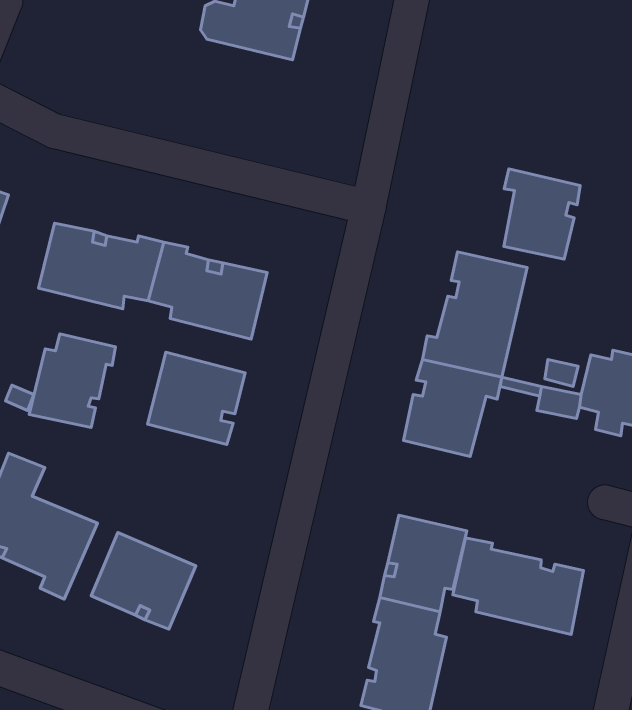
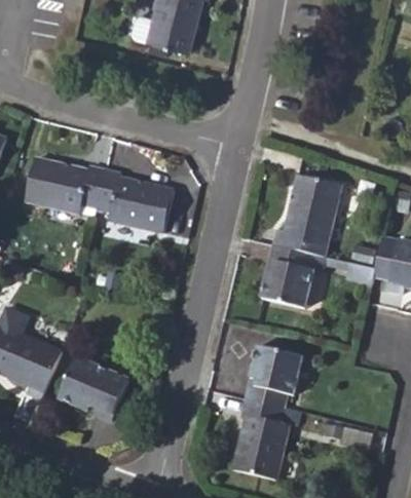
building: [504,169,580,259] -> none
building: [29,334,116,428] -> none
building: [148,352,245,445] -> none
building: [453,538,583,634] -> none

